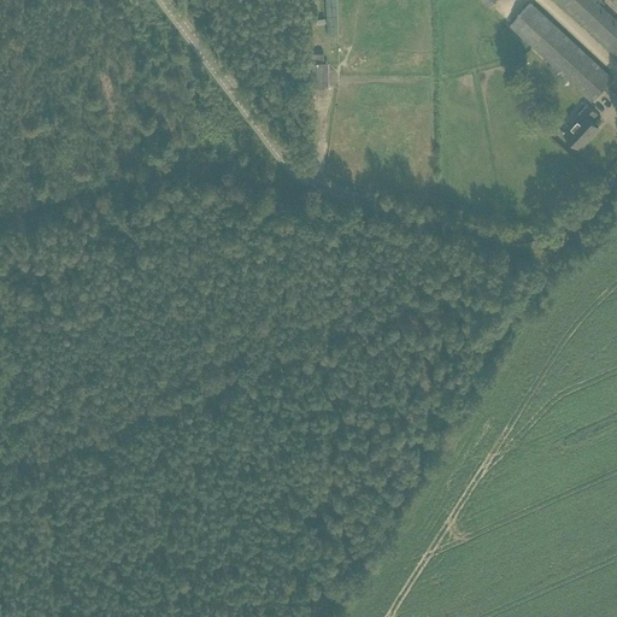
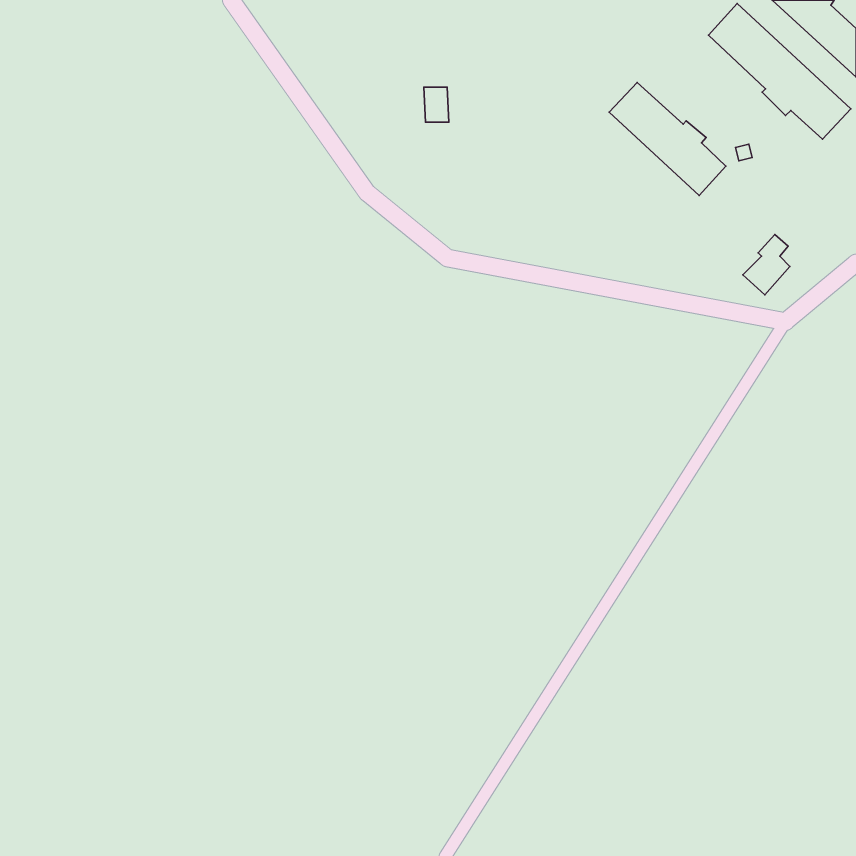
building: none -> [609,83,726,195]
building: [564,105,598,148] -> [743,235,790,295]

